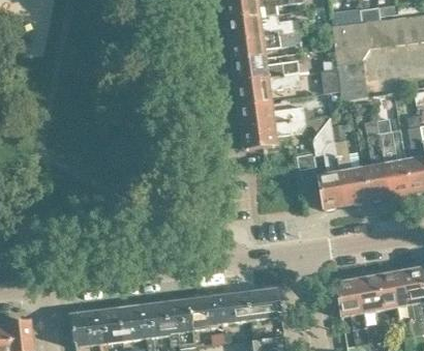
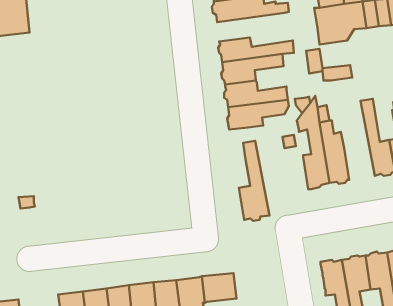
building: [231,30,301,59] -> none
building: [335,58,366,86] -> none
building: [360,119,391,200] -> [239,141,270,221]
building: [248,289,281,319] -> none

